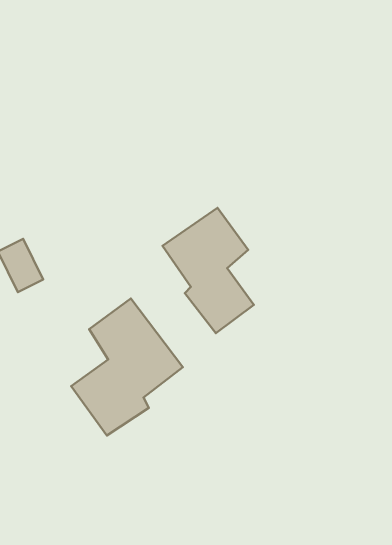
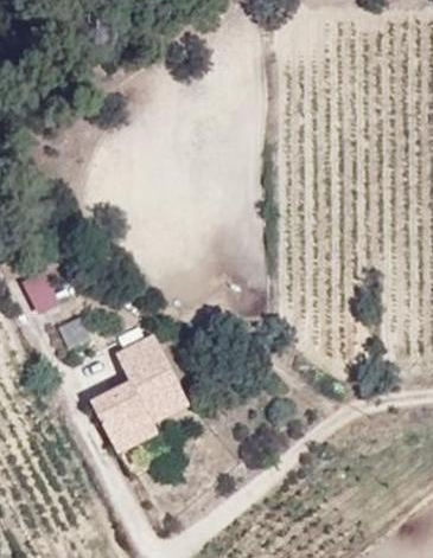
building: [162,208,254,333] -> none

